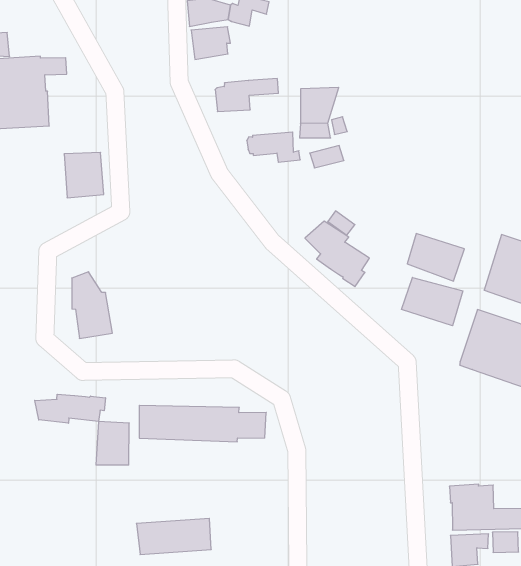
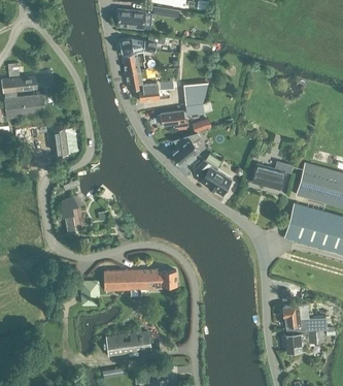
building: none -> [125,68,156,89]
building: none -> [169,133,200,166]
building: [401,277,463,326] -> none
building: [35,394,105,423] -> none

